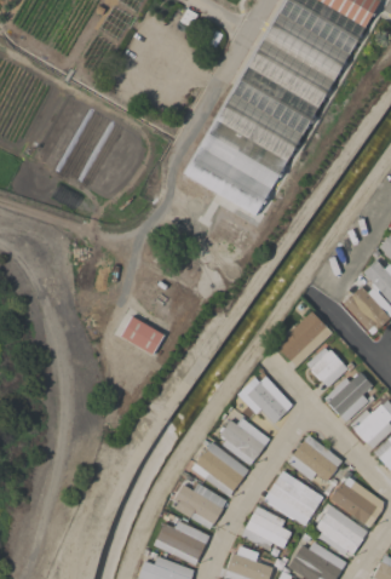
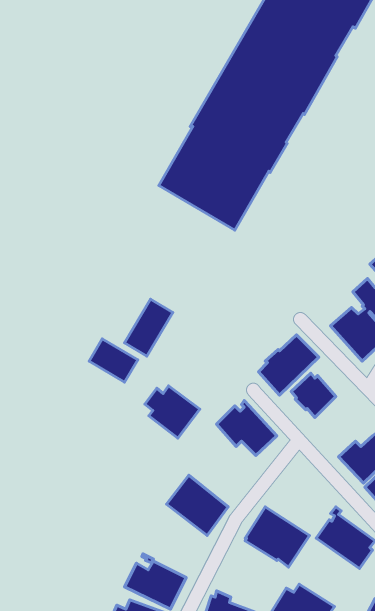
building: none -> [125,299,173,356]
building: [324,372,373,422] -> none
building: [219,417,270,465] -> [145,386,200,438]
building: [288,435,341,481] -> none
building: [173,483,226,528] -> none
building: [315,503,367,555] -> none
building: [241,505,292,550] -> none

